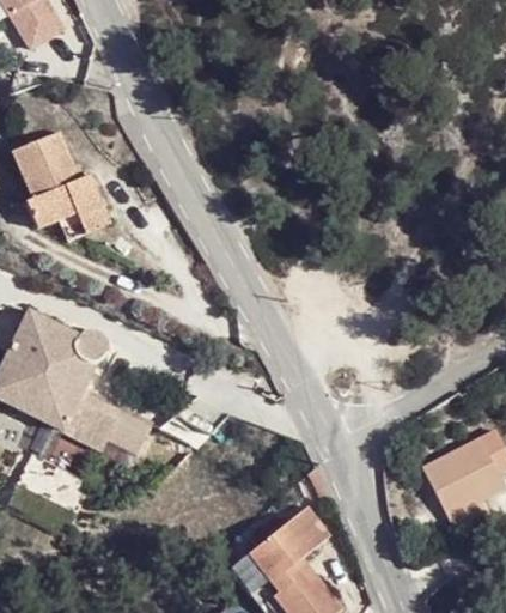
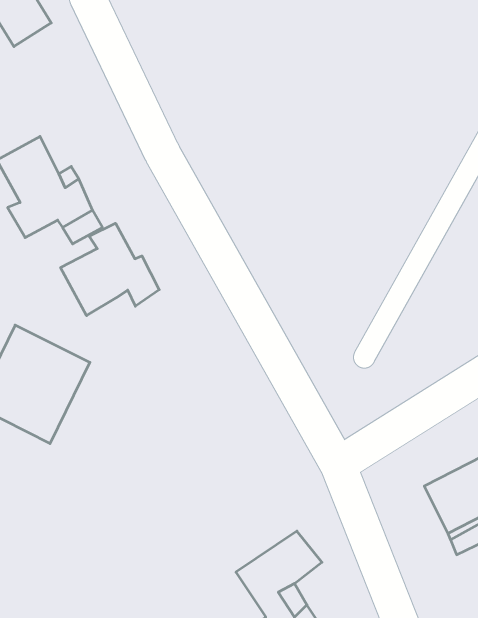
building: none -> [61,223,159,316]
building: [79,392,154,451] -> none

